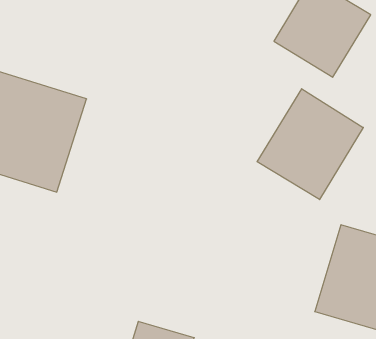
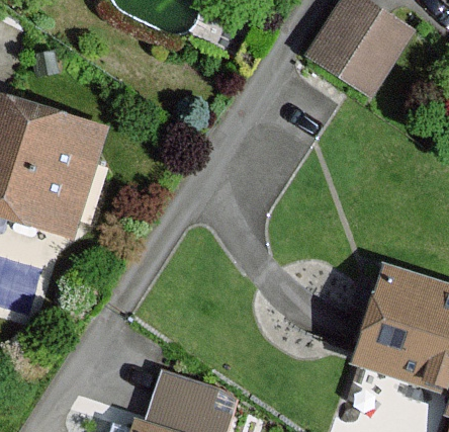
building: [257,89,363,200] -> none

